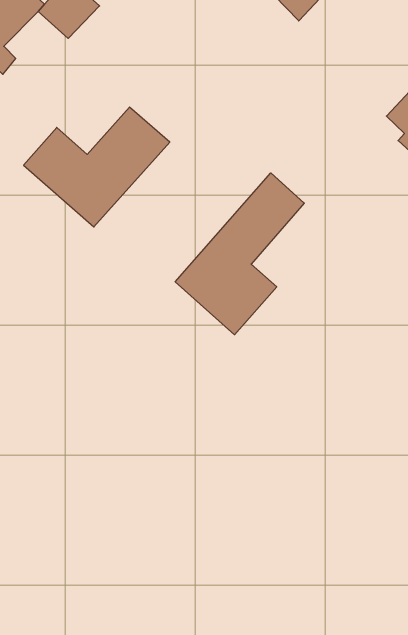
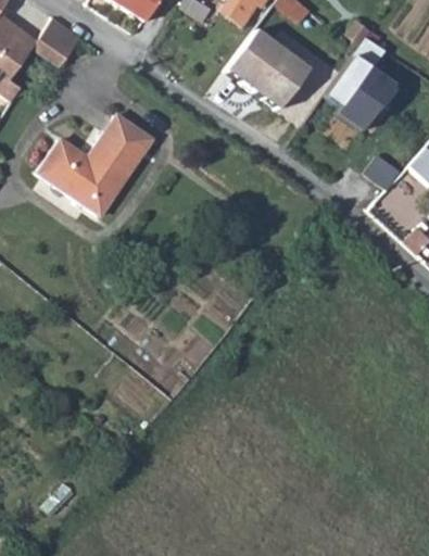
building: none -> [227,29,318,127]
building: [175,173,304,335] -> none

